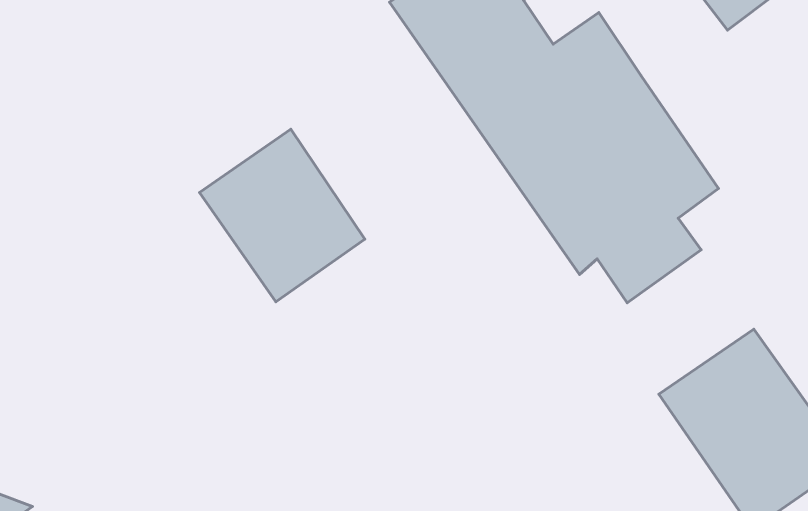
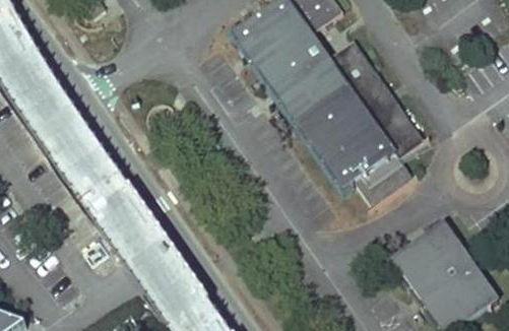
building: [199,129,365,302] -> none

